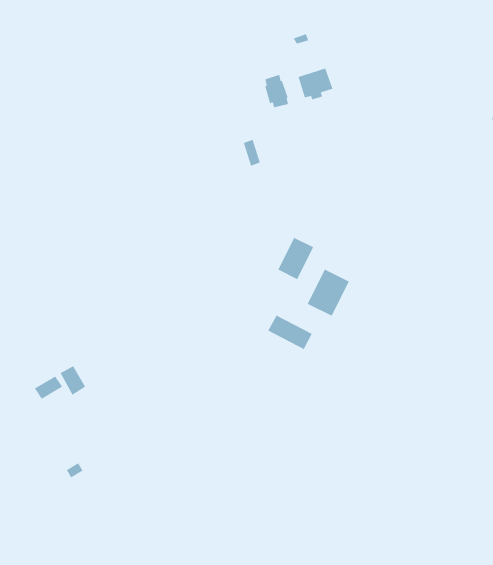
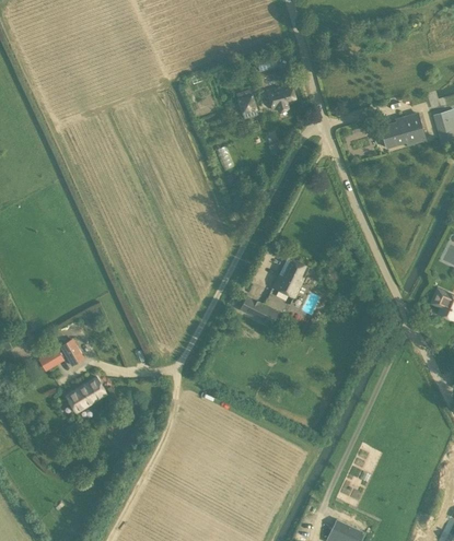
building: none -> [380,113,426,148]
building: [277,237,314,280] -> none
building: none -> [65,377,106,413]

